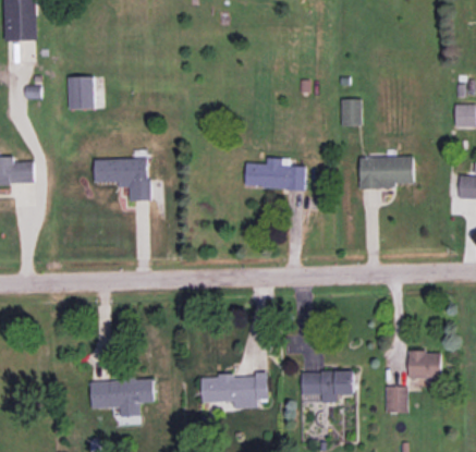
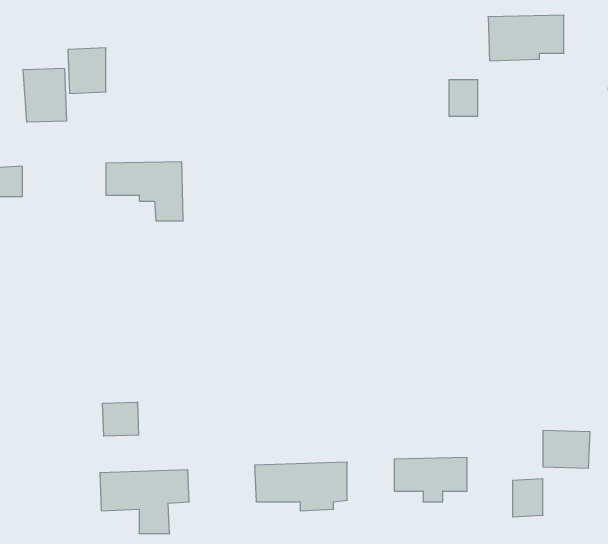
building: none -> [23,68,66,122]
building: [358,156,413,188] -> [488,15,564,61]
building: [244,157,305,190] -> none
building: none -> [103,402,138,436]

